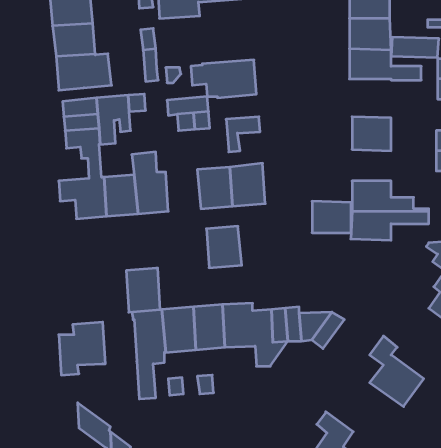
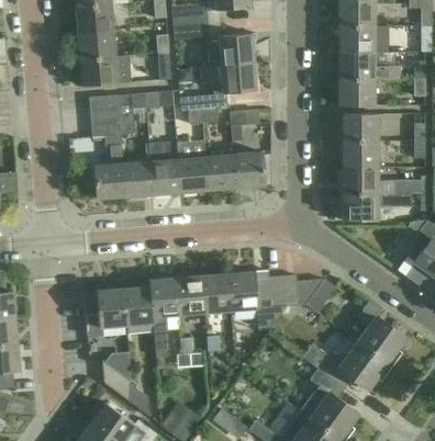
building: none -> [174,23,256,65]
building: none -> [339,78,376,102]
building: [312,201,351,233] -> [342,139,376,167]
building: [206,226,242,268] -> [179,157,210,193]
building: [126,268,160,312] -> [124,287,154,326]
building: none -> [303,342,387,389]

